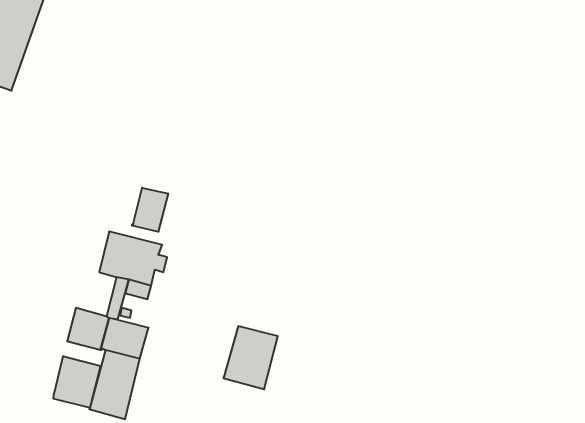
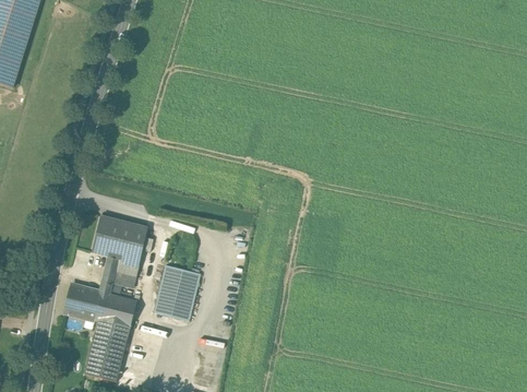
building: [132,188,168,232] -> none
building: [223,326,278,389] -> [154,264,202,320]
building: [54,356,101,408] -> none

